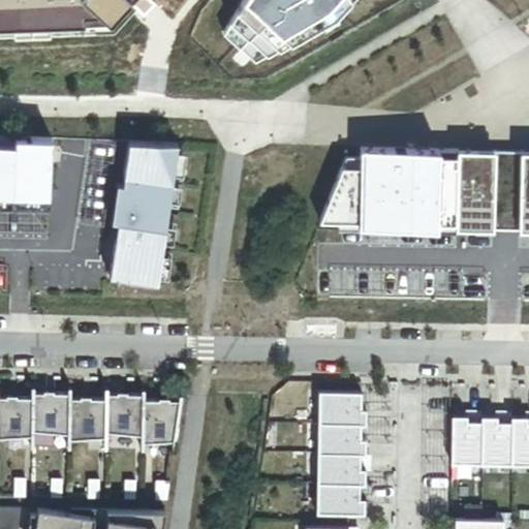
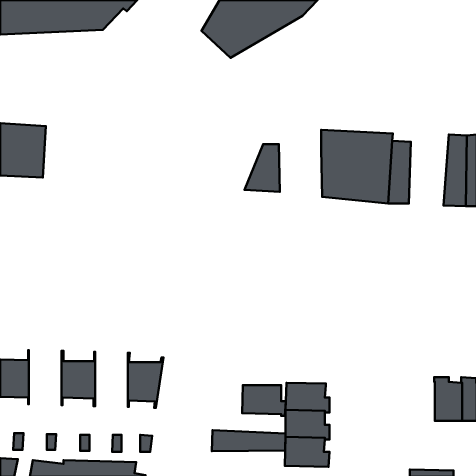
building: [110,144,178,287] -> none
building: [454,148,498,228] -> none
building: [318,166,357,219] -> [244,144,280,192]
building: [33,388,69,449] -> none
building: [106,391,143,452] -> none
building: [318,394,367,428] -> [242,385,286,416]
building: [450,417,483,467] -> none
building: none -> [212,430,285,451]

